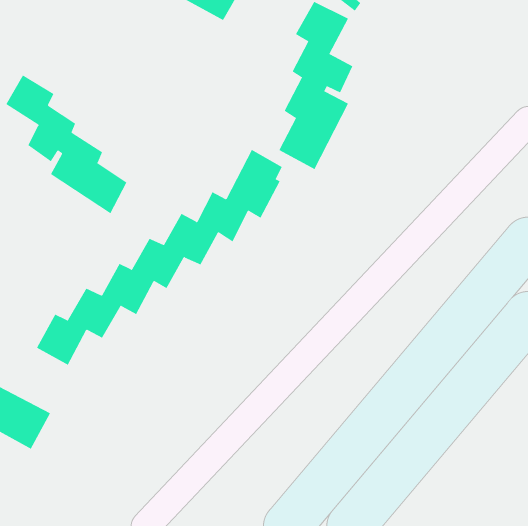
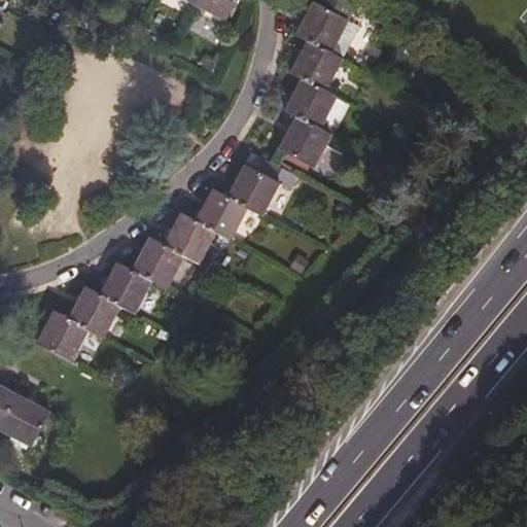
building: [6,74,127,214] -> none

